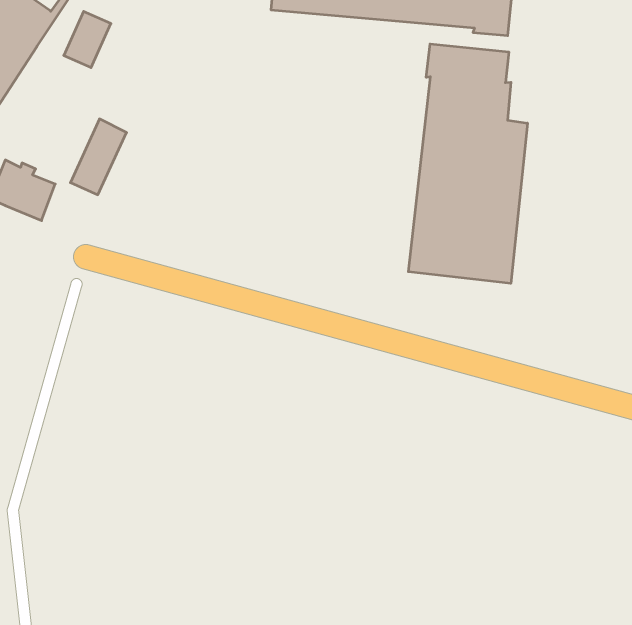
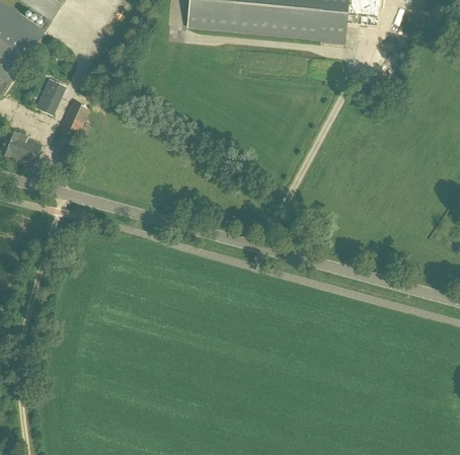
building: [64,11,111,68] -> [34,78,66,116]
building: [408,44,527,283] -> none

